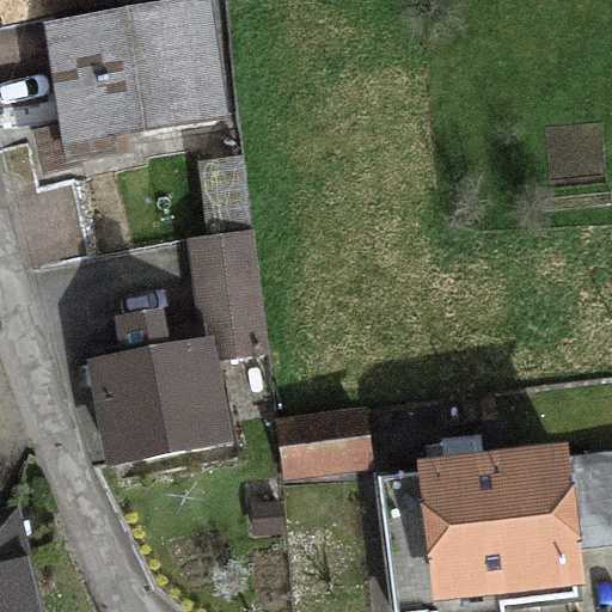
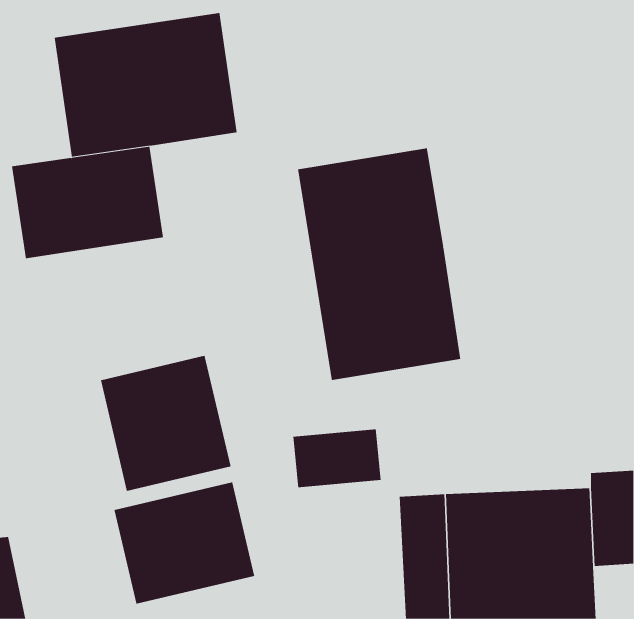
building: none -> [298,147,461,381]
building: [188,230,262,359] -> none
building: none -> [114,482,255,604]

